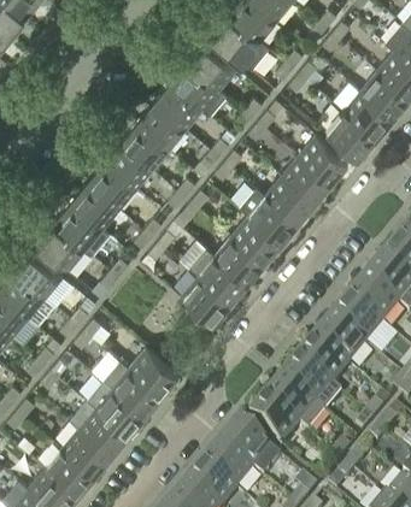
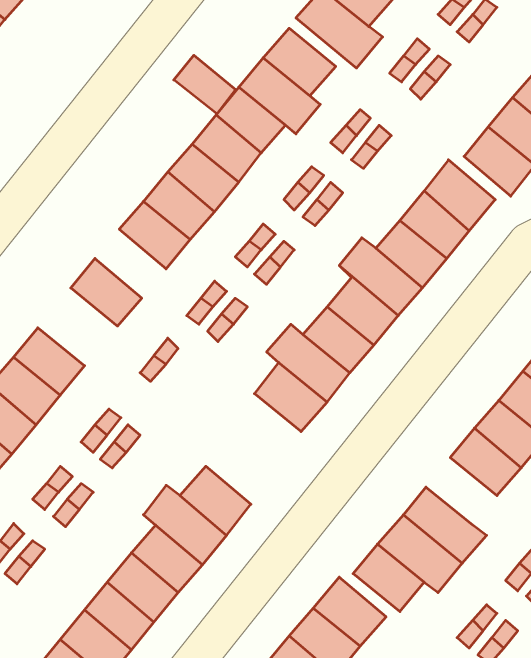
building: none -> [174,55,236,114]
building: [69,181,118,229] -> none
building: [35,222,84,270] -> none
building: [299,340,348,387] -> none

